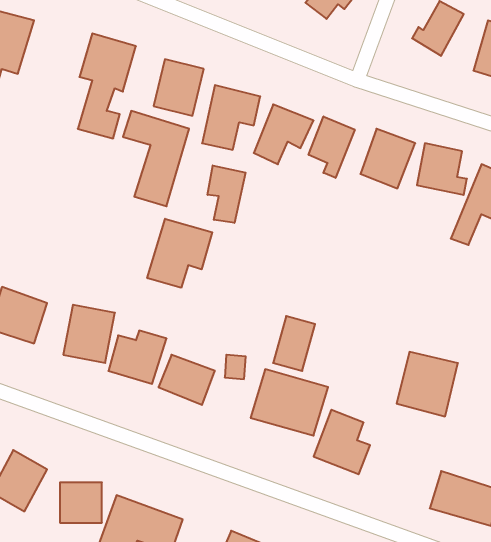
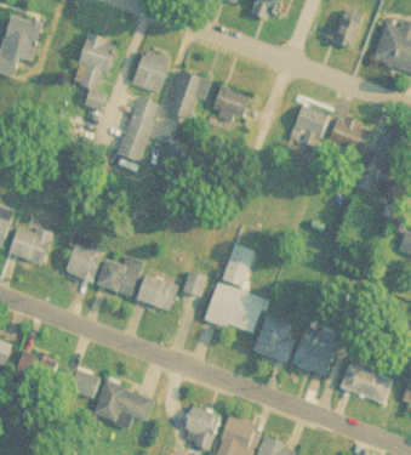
building: [309,116,355,178] -> none
building: [208,165,246,223] -> none
building: [147,219,212,288] -> none
building: [397,352,458,416] -> [292,326,338,375]

